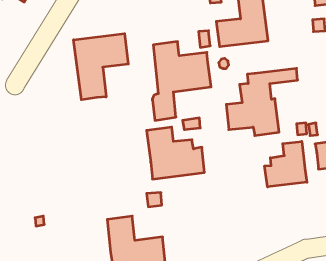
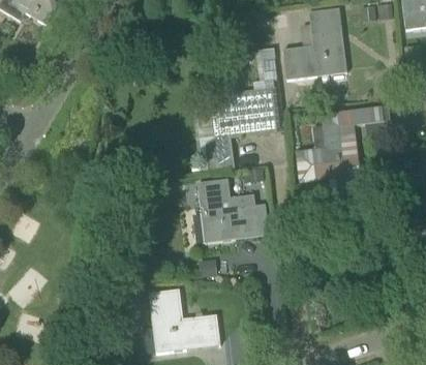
building: [74,34,128,100] -> none
building: [265,141,307,187] -> none

